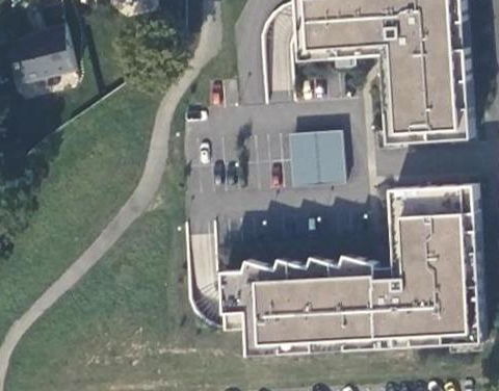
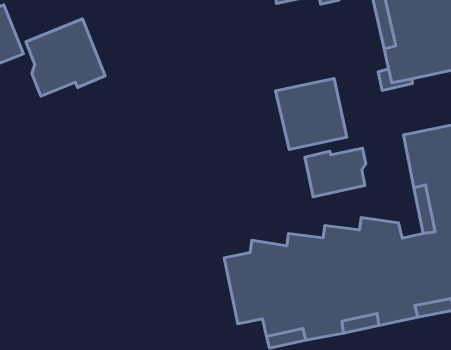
building: none -> [26,19,105,96]
building: none -> [305,148,366,197]

